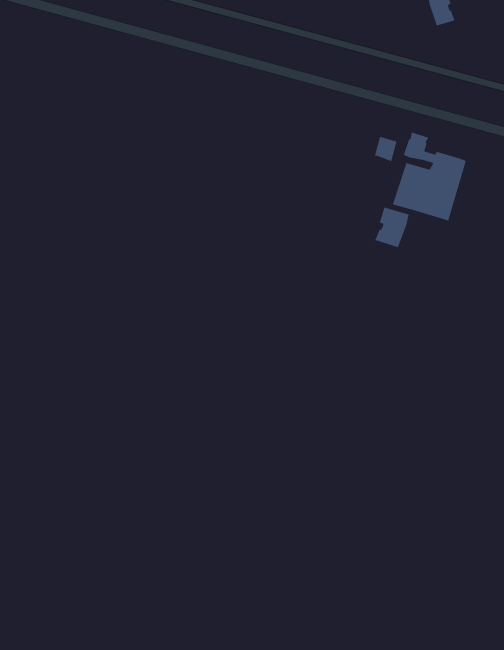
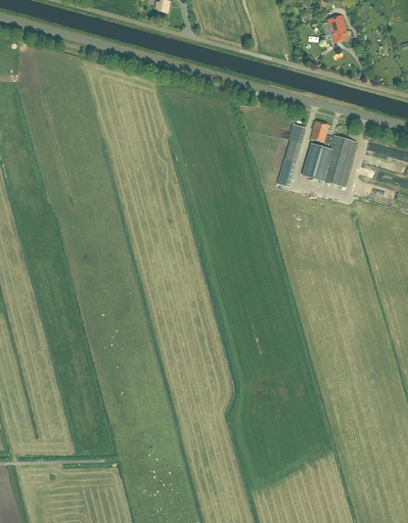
building: [374,206,410,248] -> none

